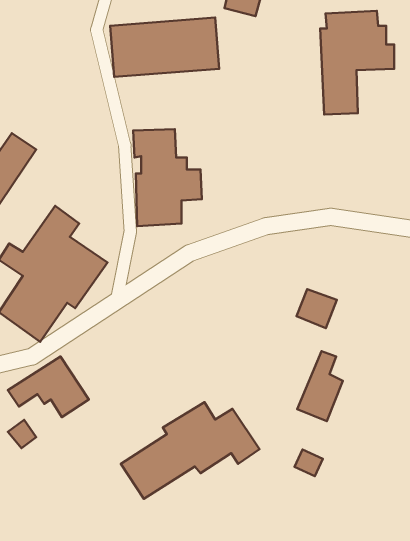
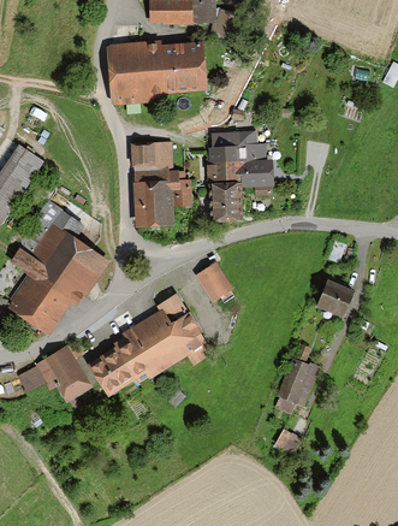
building: [320,11,394,115] -> [206,130,272,223]
building: none -> [197,264,232,299]
building: [296,289,337,328] -> [317,283,354,318]
building: [121,402,260,499] -> [88,308,212,395]

